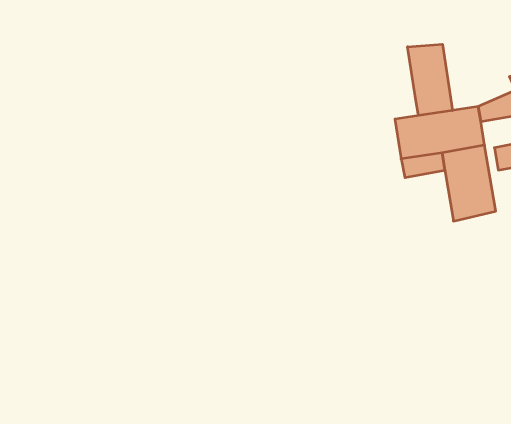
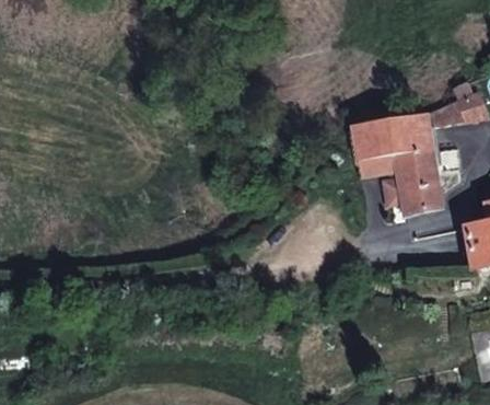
building: [408,44,452,115] -> none

